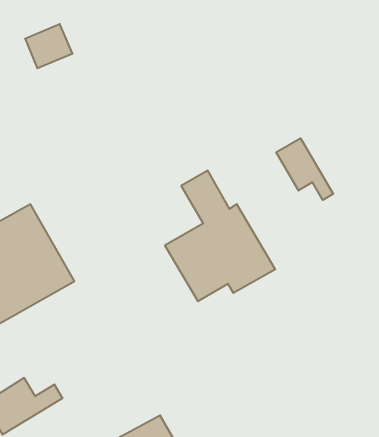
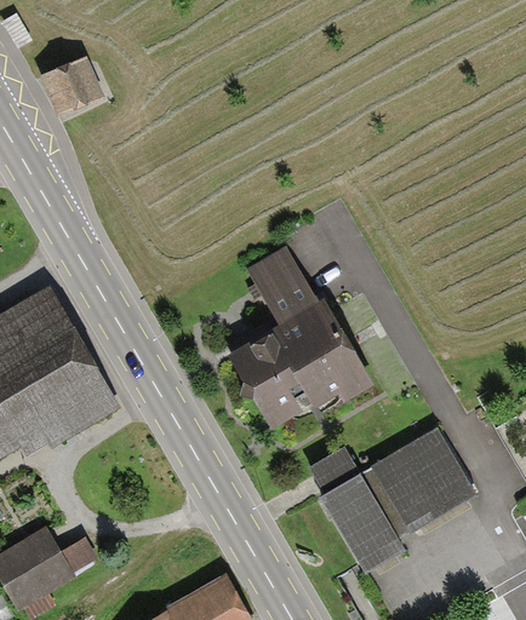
building: [276,138,333,200] -> none
building: none -> [311,429,473,574]

